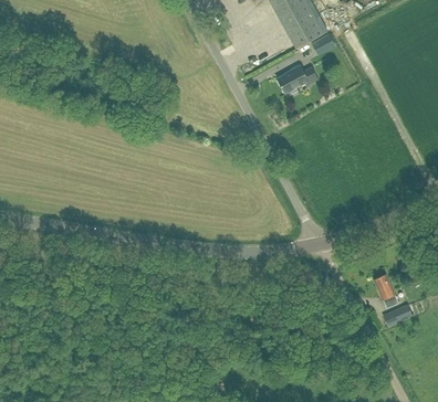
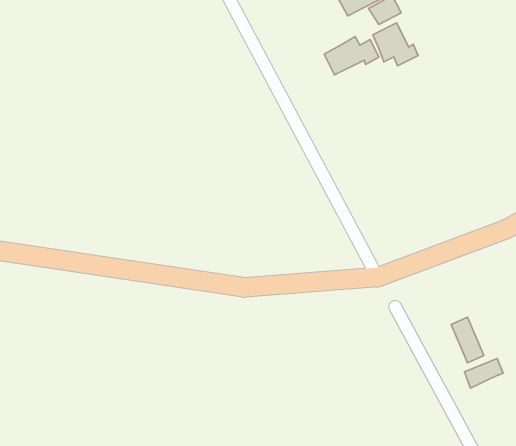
building: none -> [373,23,418,66]

